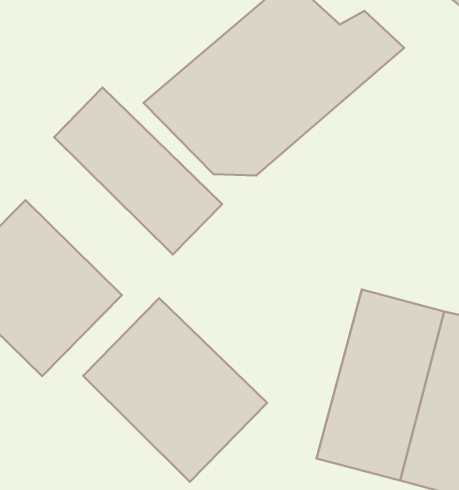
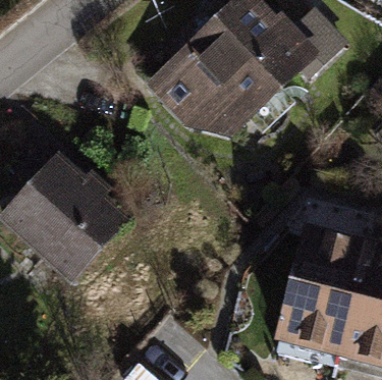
building: [54,87,222,254] -> none
building: [83,298,267,482] -> none

